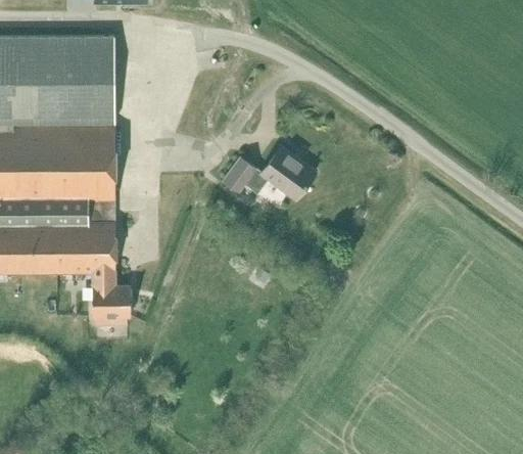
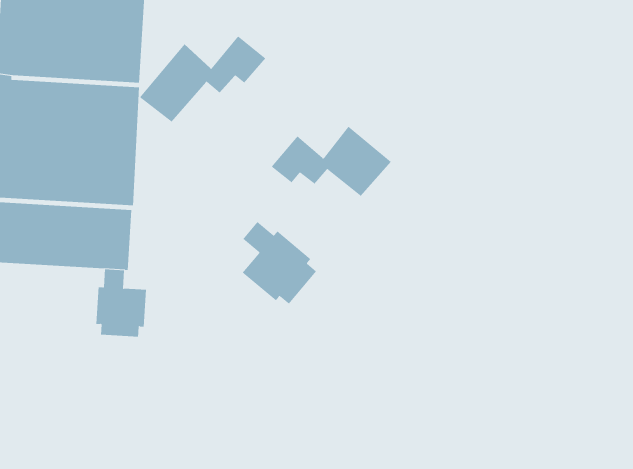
building: none -> [139,35,266,123]
building: none -> [242,221,317,305]

